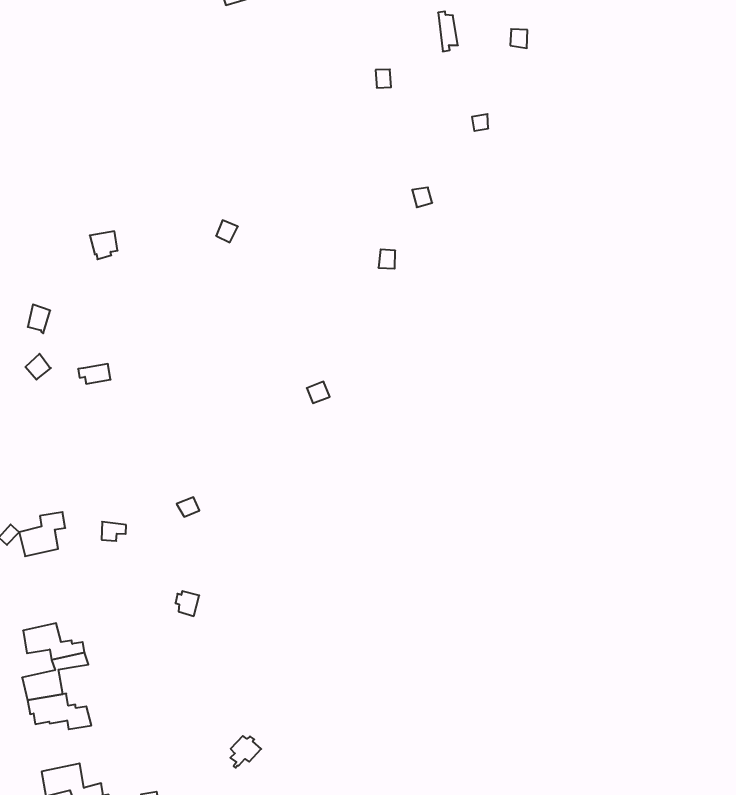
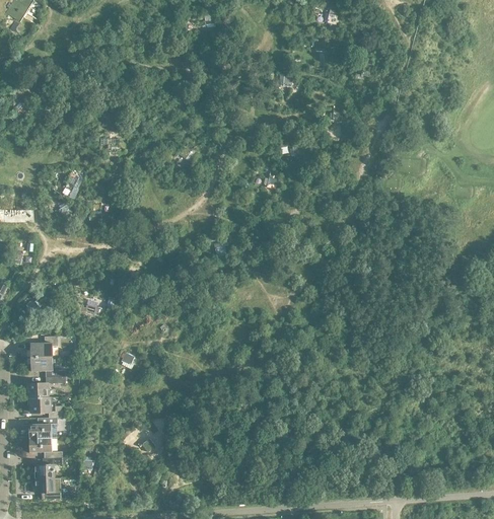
building: [19,512,65,556] -> [29,336,56,357]
building: none -> [26,417,60,438]

